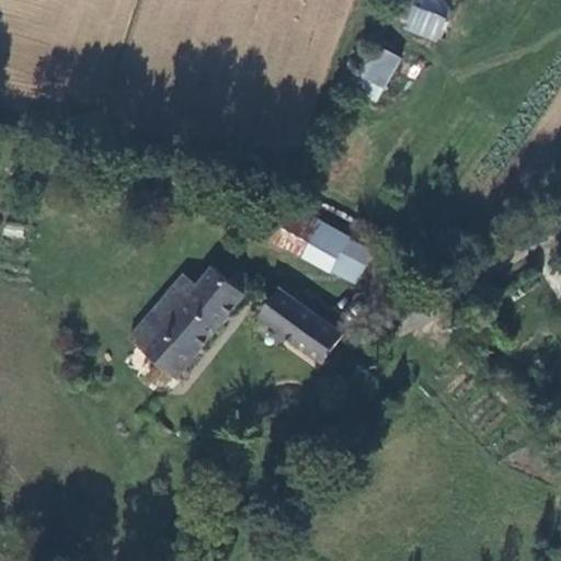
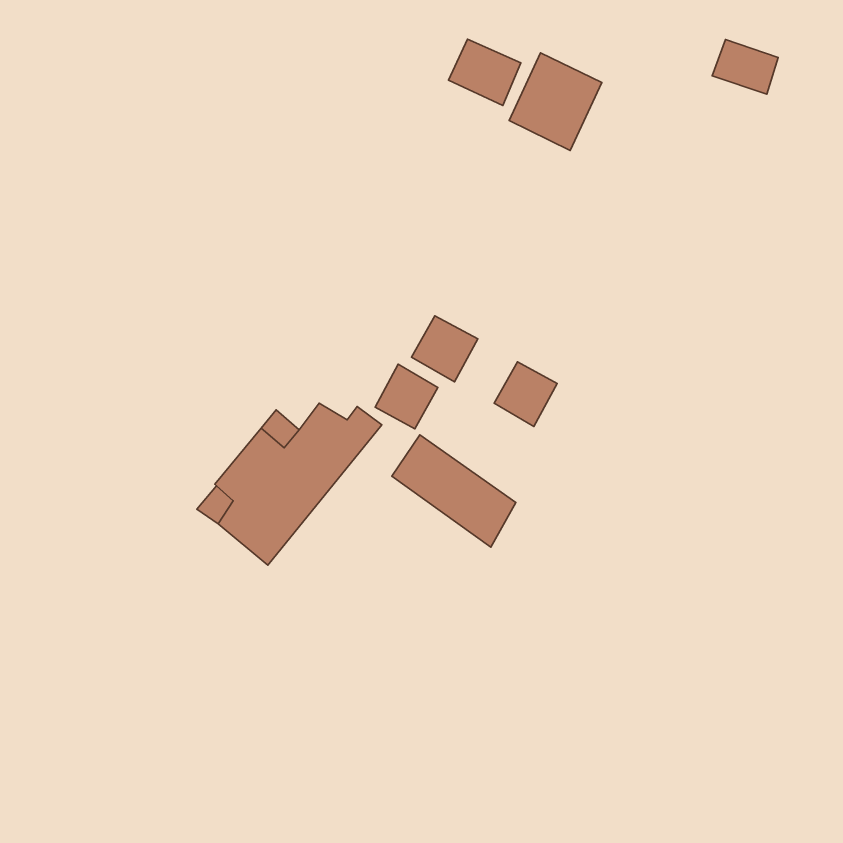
building: [402,4,446,41] -> [712,39,778,94]
building: none -> [448,39,521,106]
building: [301,225,343,267] -> [375,364,438,429]

